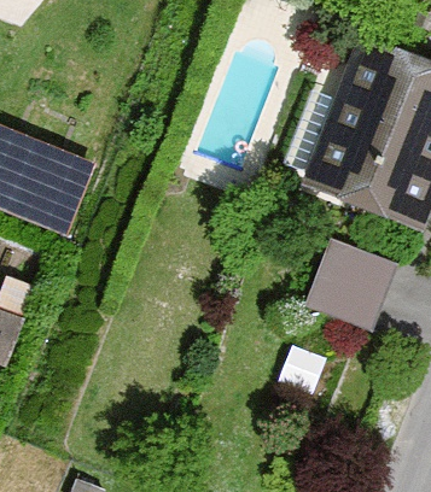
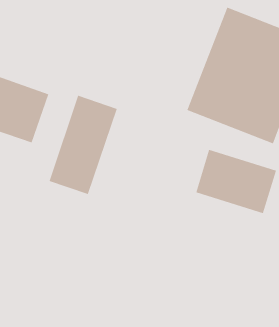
building: none -> [49,95,118,195]

